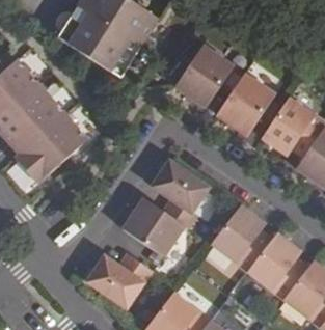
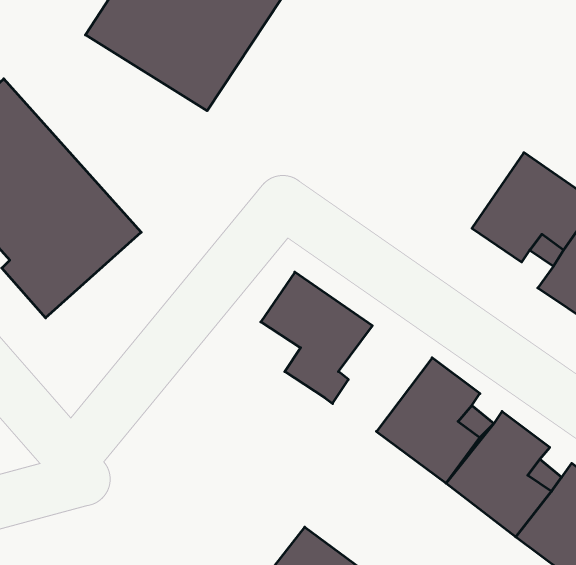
building: [174,46,233,108] -> none
building: [216,74,274,136] -> none
building: [121,198,184,257] -> none
building: [86,253,152,308] -> none

